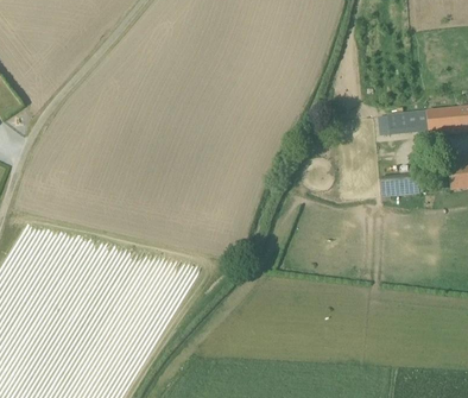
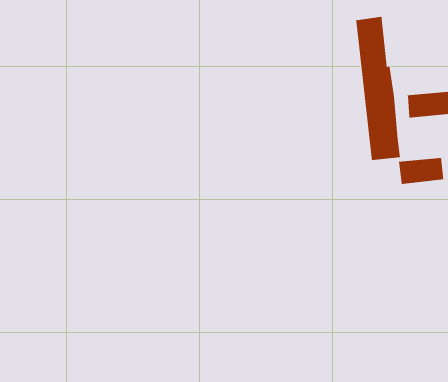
building: none -> [356,16,401,161]

